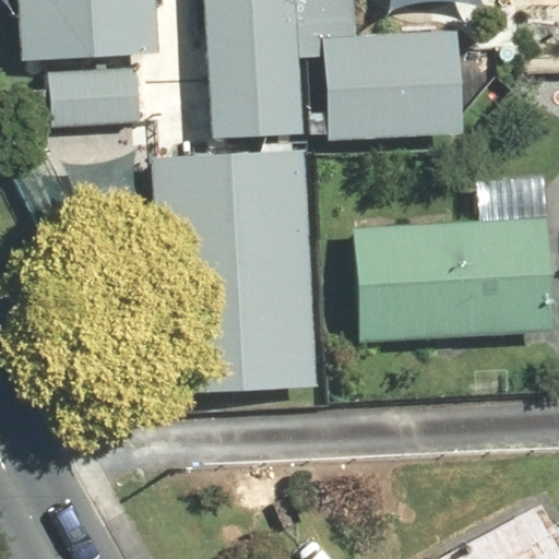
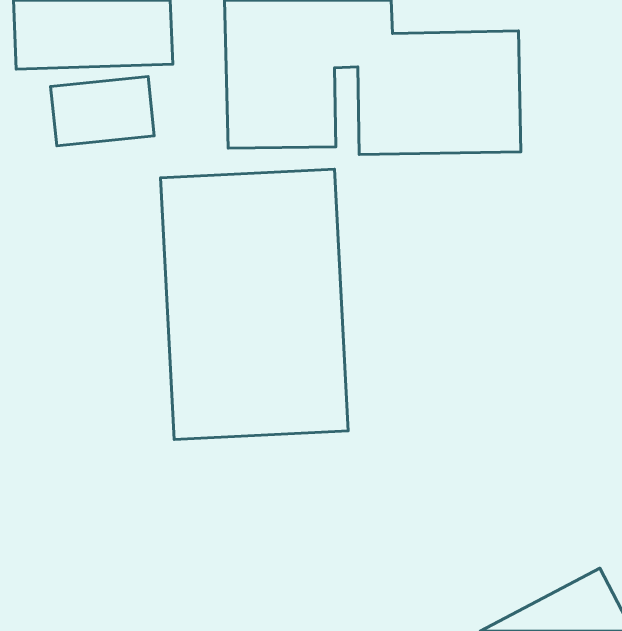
building: [355,221,549,342] -> none

